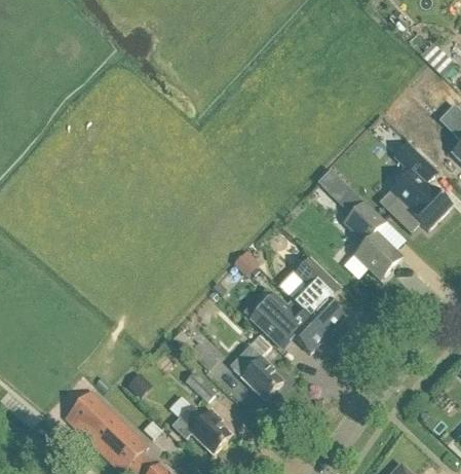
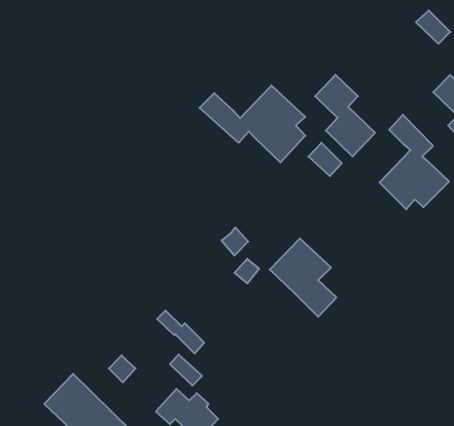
building: none -> [199,85,305,163]
building: [343,200,400,279] -> [315,75,375,156]
building: [253,293,326,352] -> none
building: [228,333,282,399] -> none

